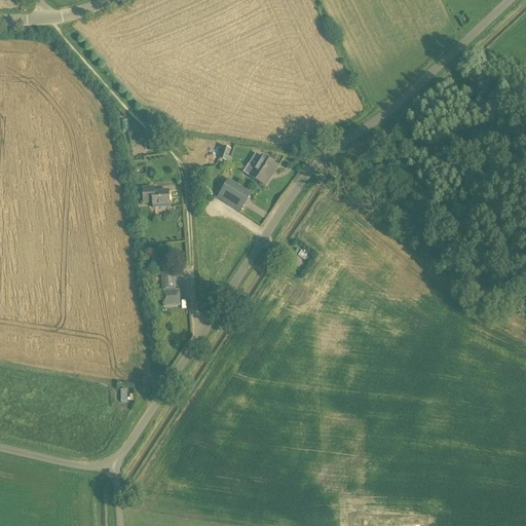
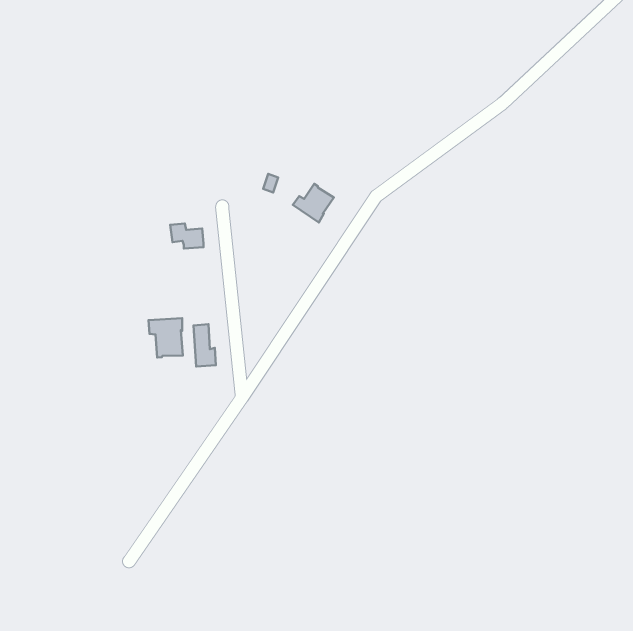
building: [215,177,251,211] -> none
building: none -> [148,318,183,358]

